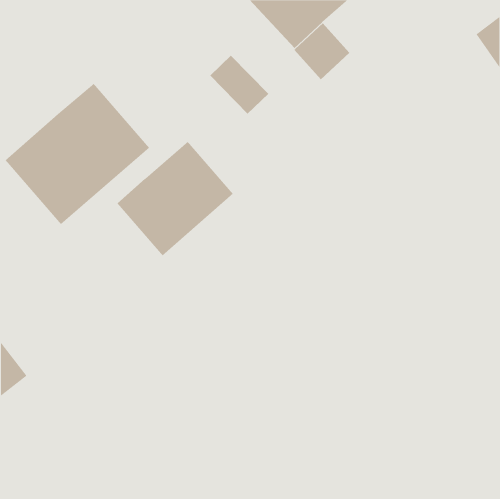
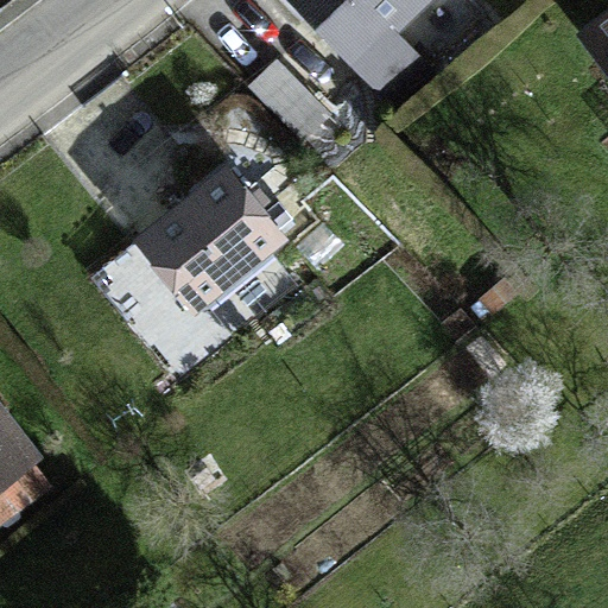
building: [4,83,150,225] -> none

